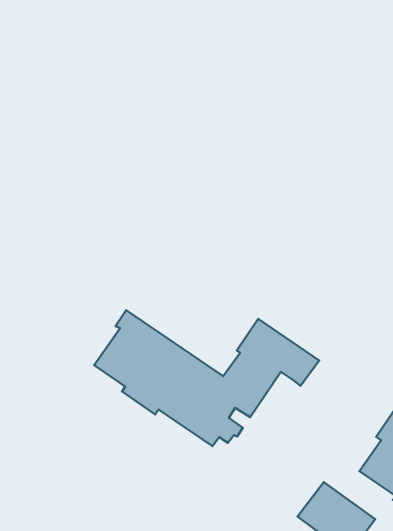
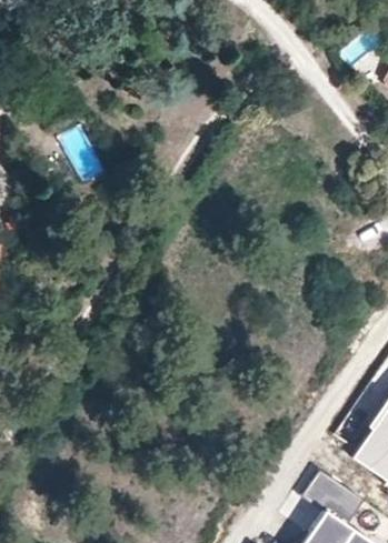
building: [94,310,319,446] -> none

